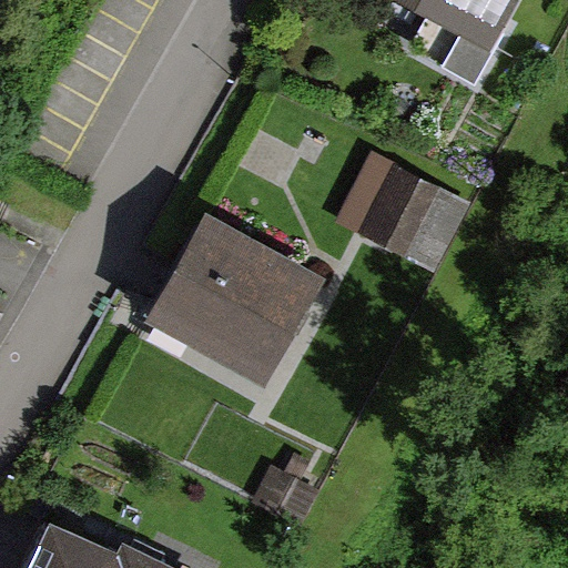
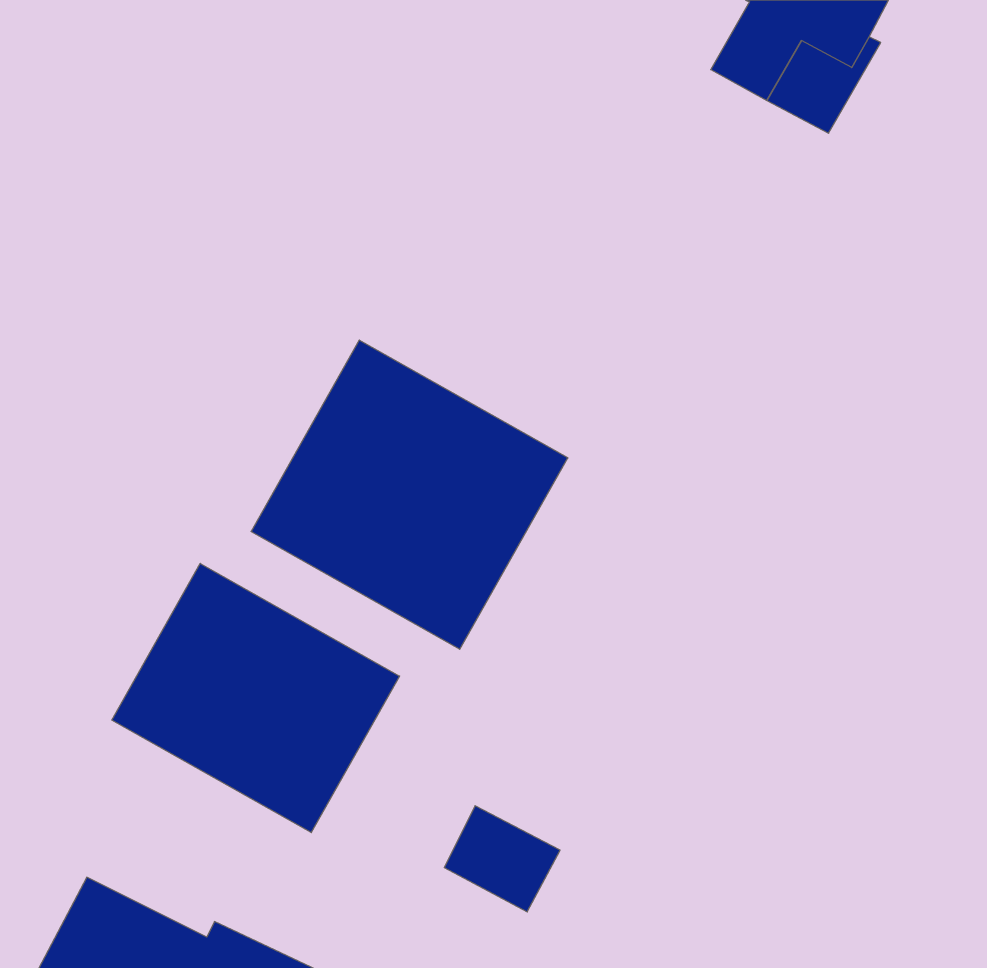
building: [335,158,469,277] -> none
building: none -> [112,563,400,833]

